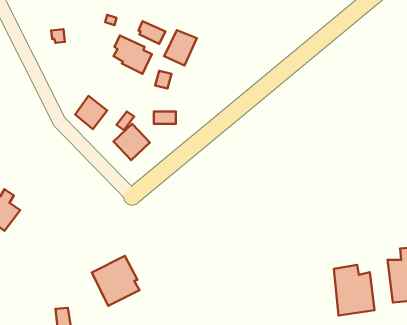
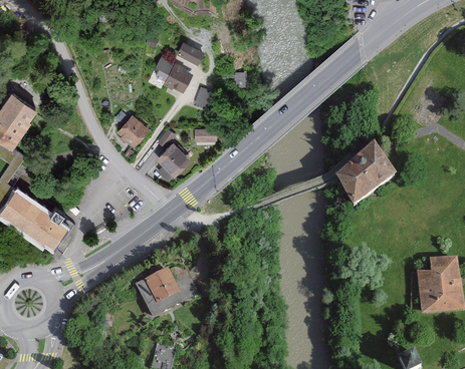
building: [164,30,197,65] -> none
building: none -> [334,146,398,207]
building: [334,265,375,315] -> none

